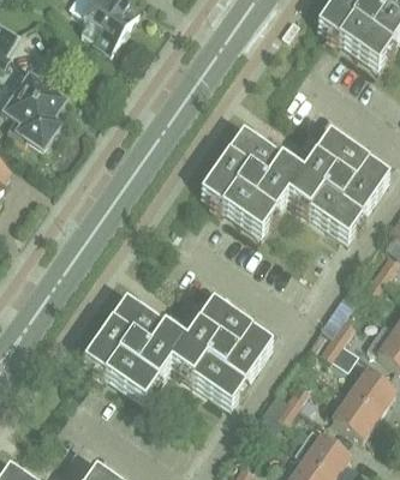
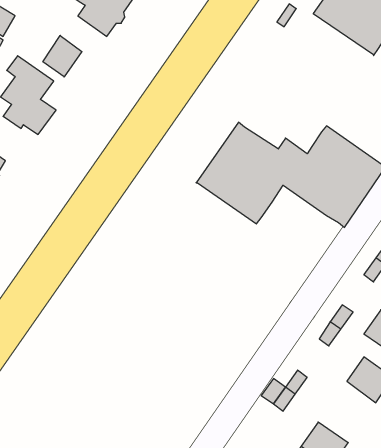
building: none -> [43,35,82,77]
building: [83,300,271,404] -> none
building: [332,389,378,434] -> none

